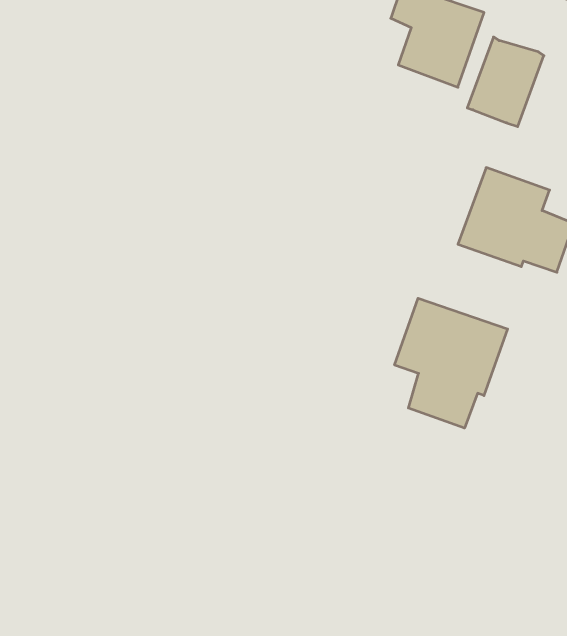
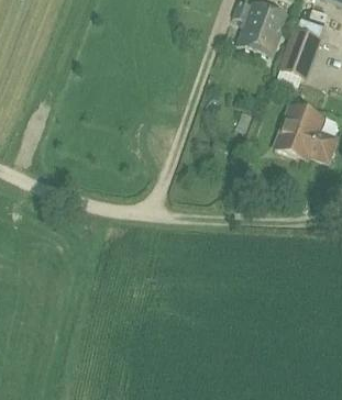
building: [395,298,508,428] -> none

